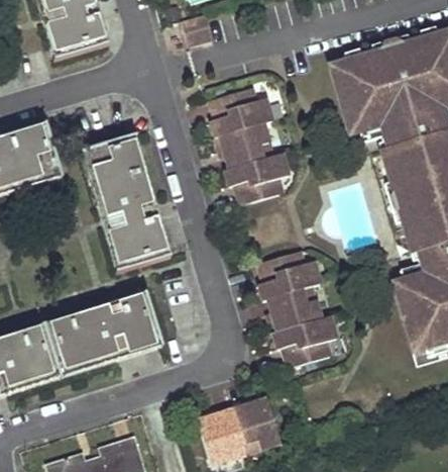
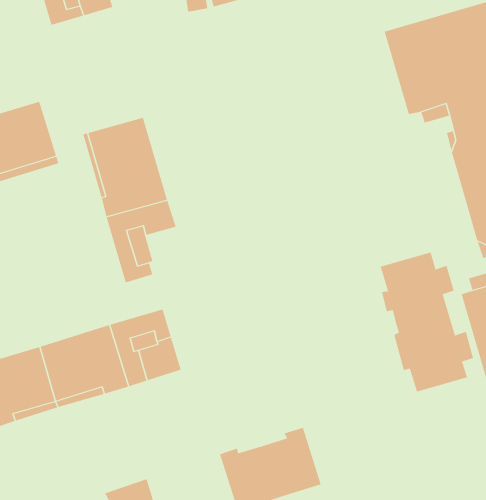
building: [211,85,289,202] -> none
building: [134,225,167,265] -> none
building: [258,248,336,364] -> [380,252,474,392]

